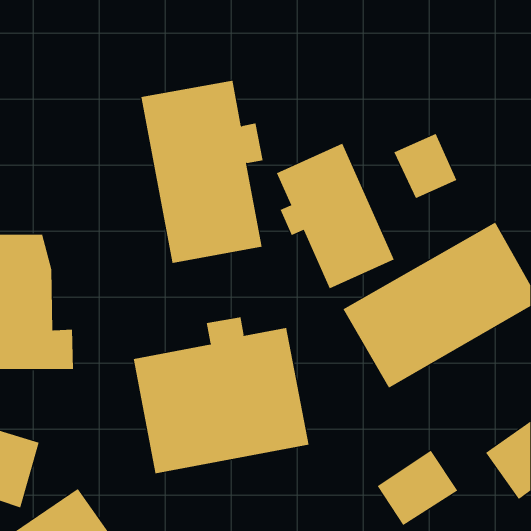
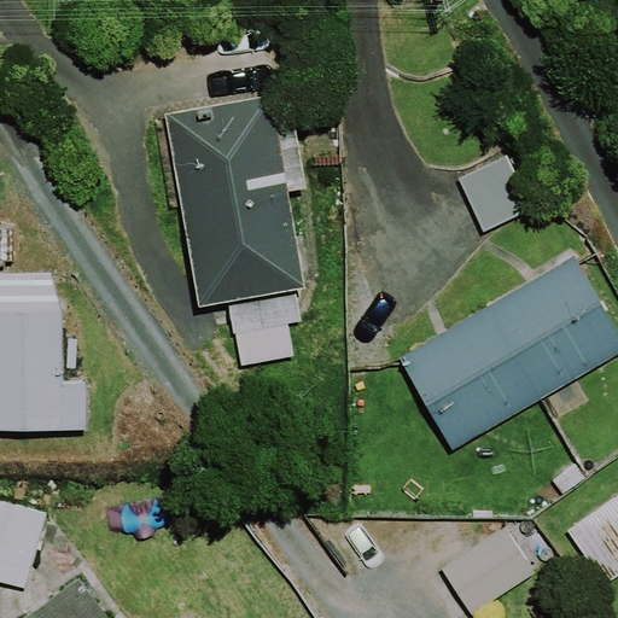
building: [276,143,395,289] -> none
building: [133,316,309,474] -> none

